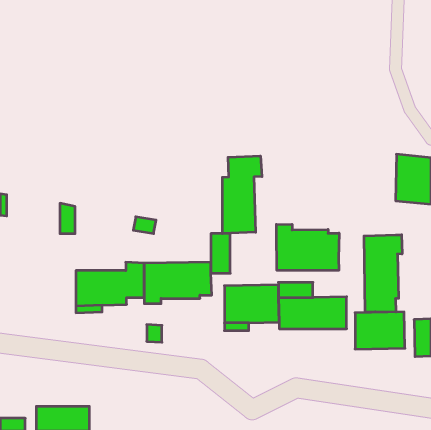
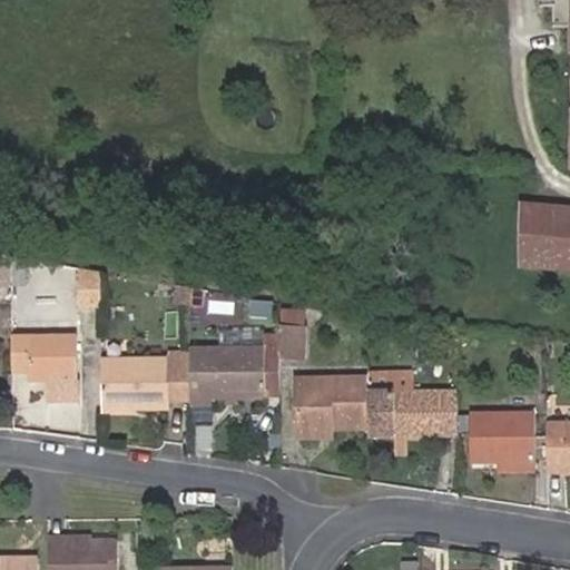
building: [222,156,262,234] -> none
building: [276,224,339,270] -> none
building: [364,235,402,312] -> none
building: none -> [10,312,76,399]

